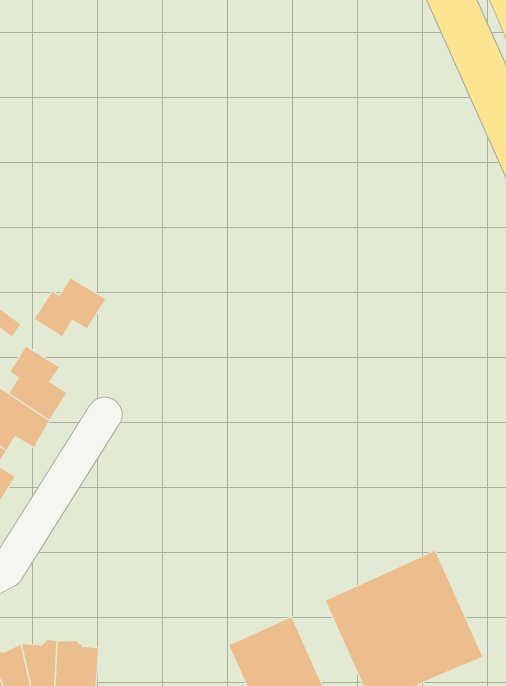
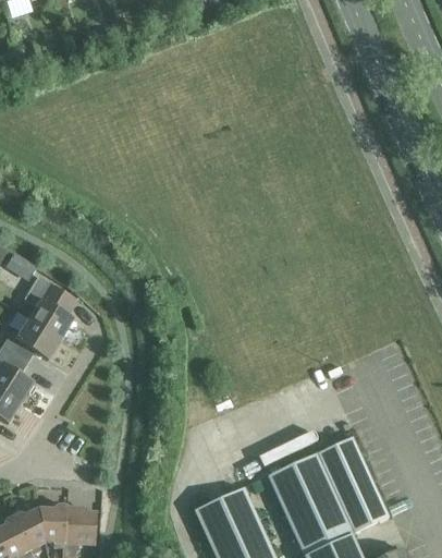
building: [34,277,106,337] -> none

